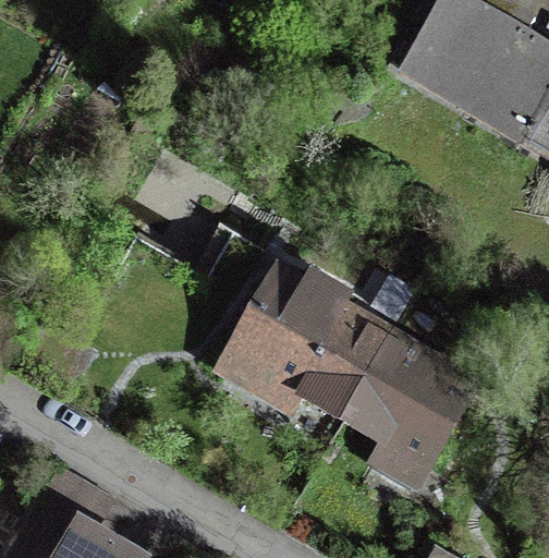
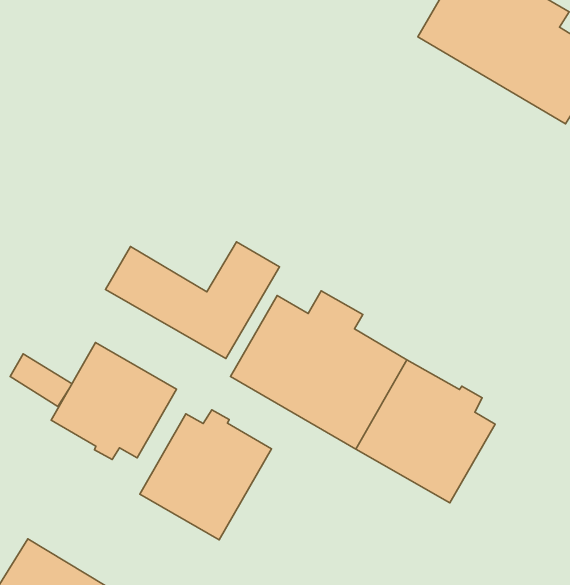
building: none -> [51,343,176,460]
building: none -> [140,410,271,540]

